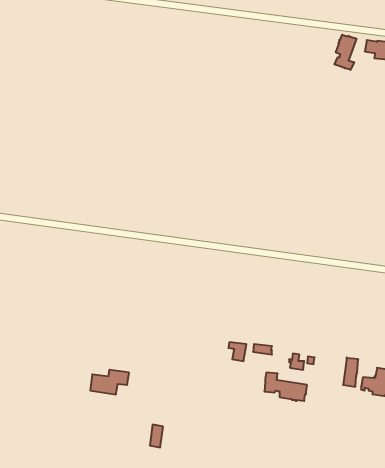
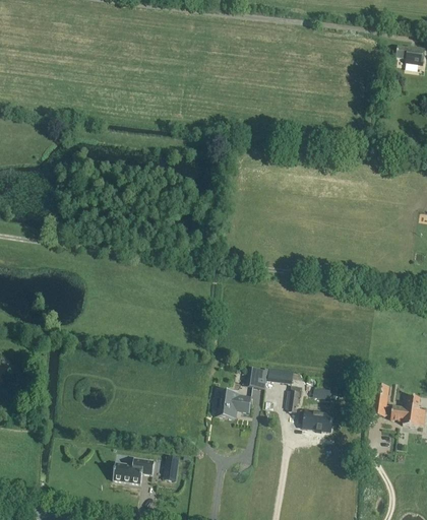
building: [334,35,356,70] -> none
building: none -> [212,390,252,418]
building: [90,370,129,394] -> [113,458,155,484]

